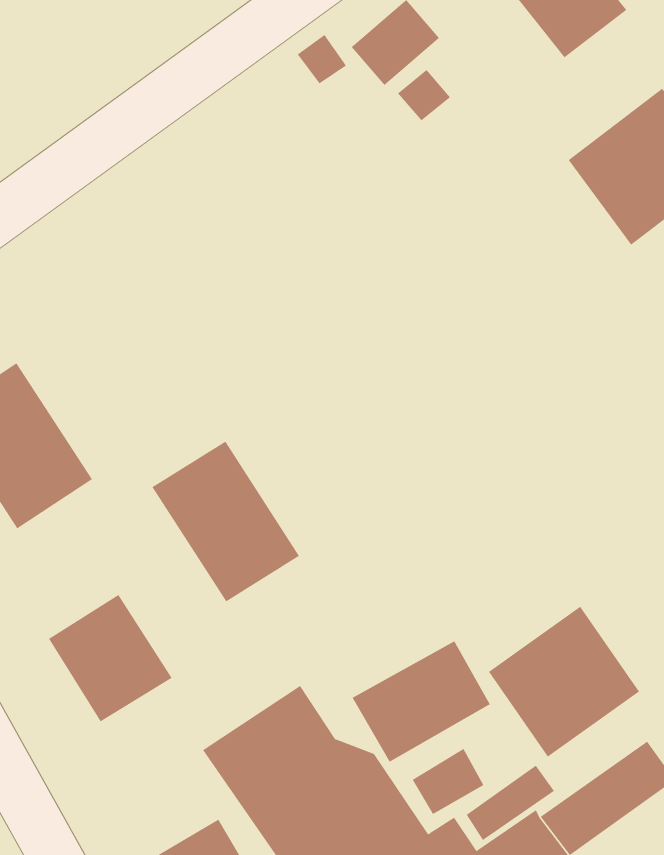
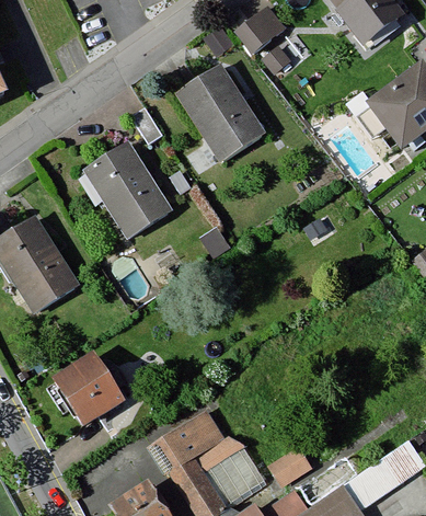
building: none -> [179,68,268,165]
building: [152,441,300,602] -> [85,145,173,240]
building: [488,606,640,757] -> none
building: [352,640,491,762] -> none

